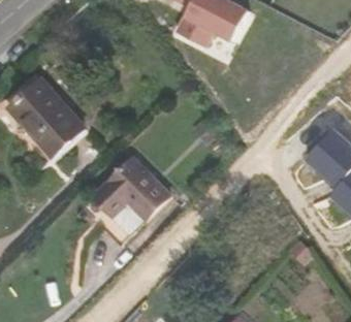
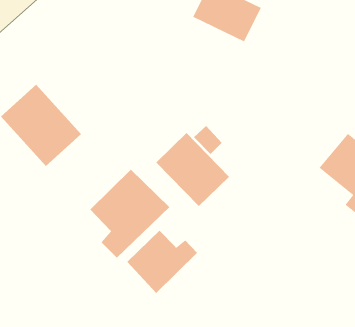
building: none -> [156,132,230,207]
building: none -> [127,230,198,294]

